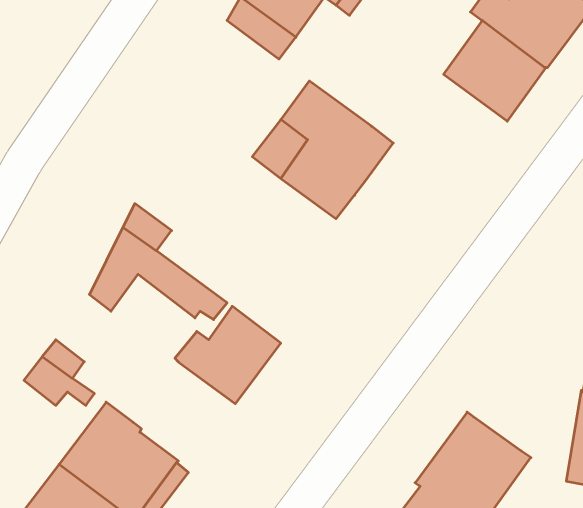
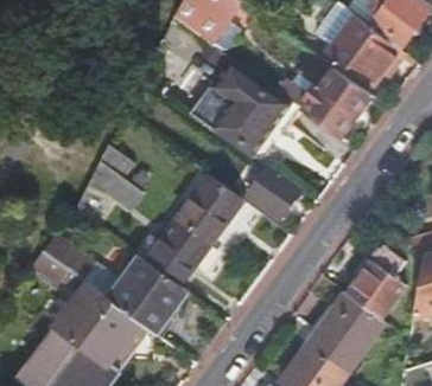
building: none -> [275,51,371,137]
building: none -> [250,168,301,219]
building: none -> [177,175,243,243]
building: none -> [348,246,406,319]
building: none -> [107,256,190,339]

